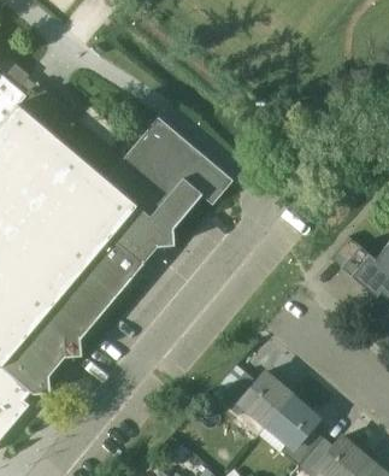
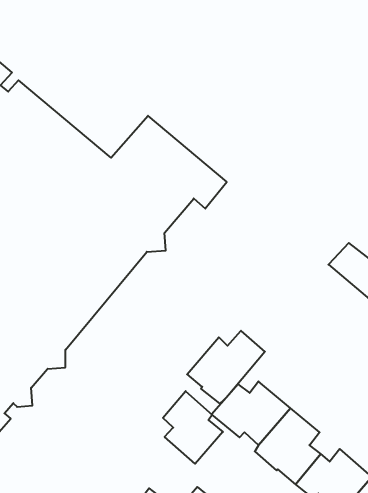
building: none -> [187,331,265,404]
building: none -> [163,391,223,464]

